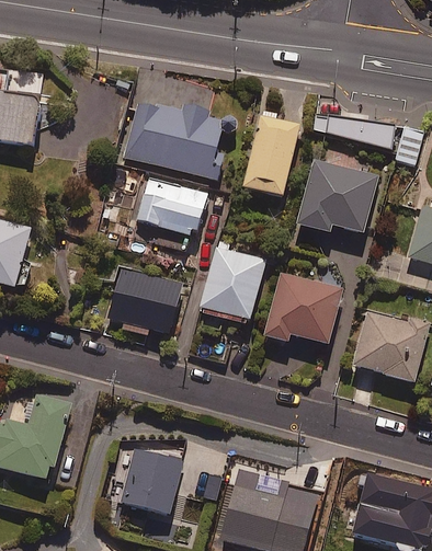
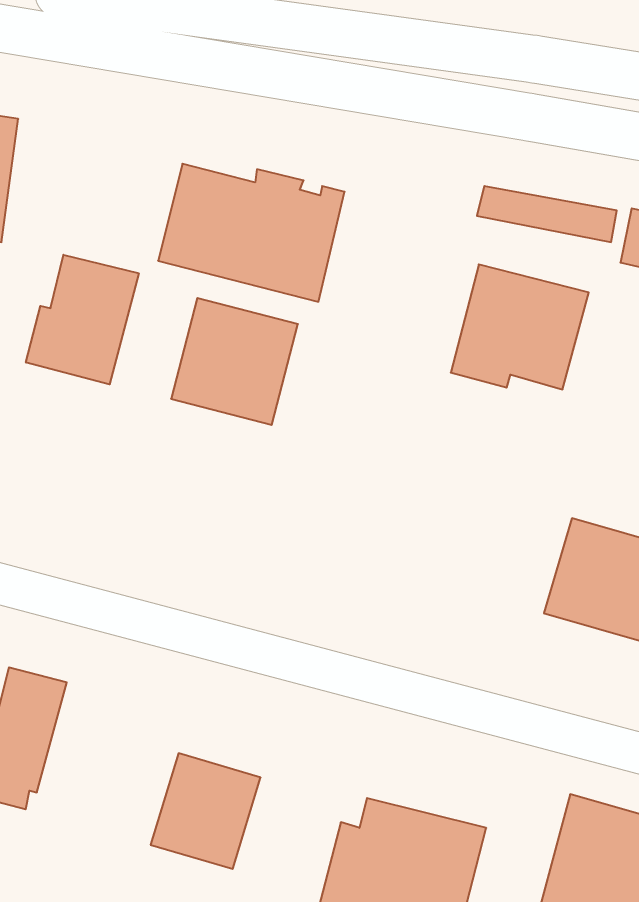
building: [243,115,299,194] -> none
building: none -> [26,255,139,384]
building: [198,240,265,321] -> none
building: [106,268,181,335] -> none
building: [262,271,342,343] -> none

